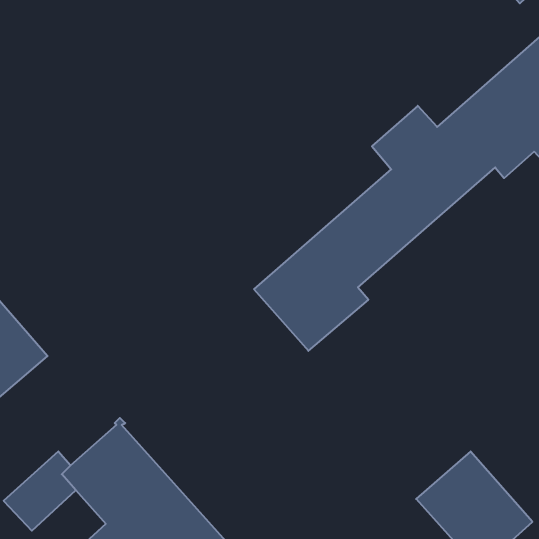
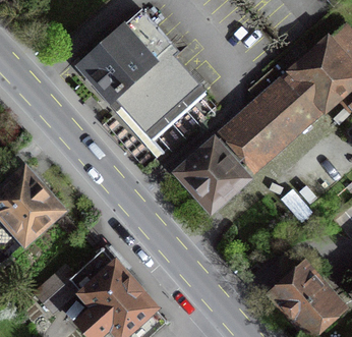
building: none -> [77,10,200,134]

